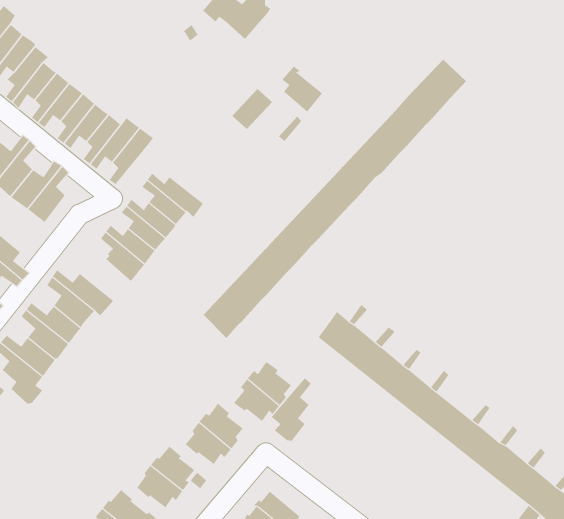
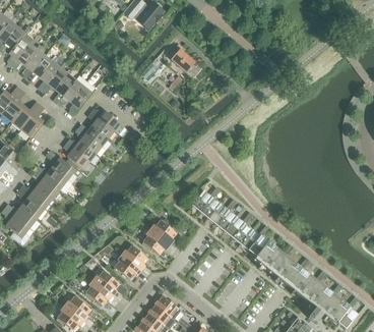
building: [203,59,467,339] -> none
building: none -> [47,150,81,180]
building: [271,378,312,442] -> none

